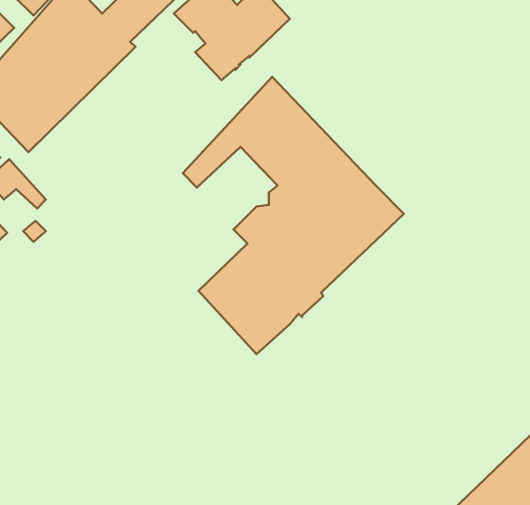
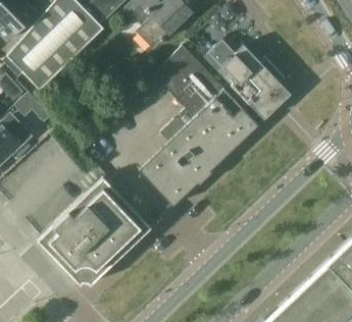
building: none -> [204,37,291,125]
building: none -> [37,177,151,285]

